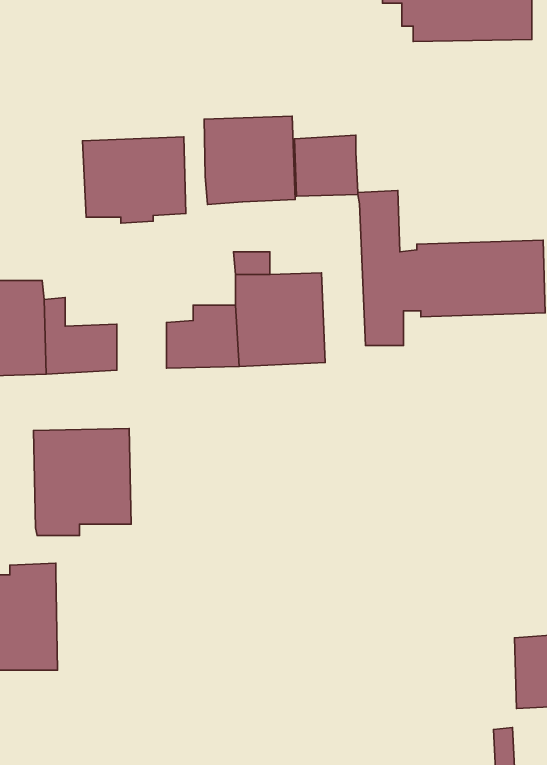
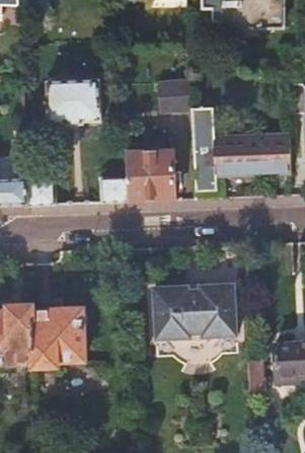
building: [204,116,295,204] -> none
building: [34,428,131,535] -> [31,309,83,366]
building: none -> [153,283,235,338]

